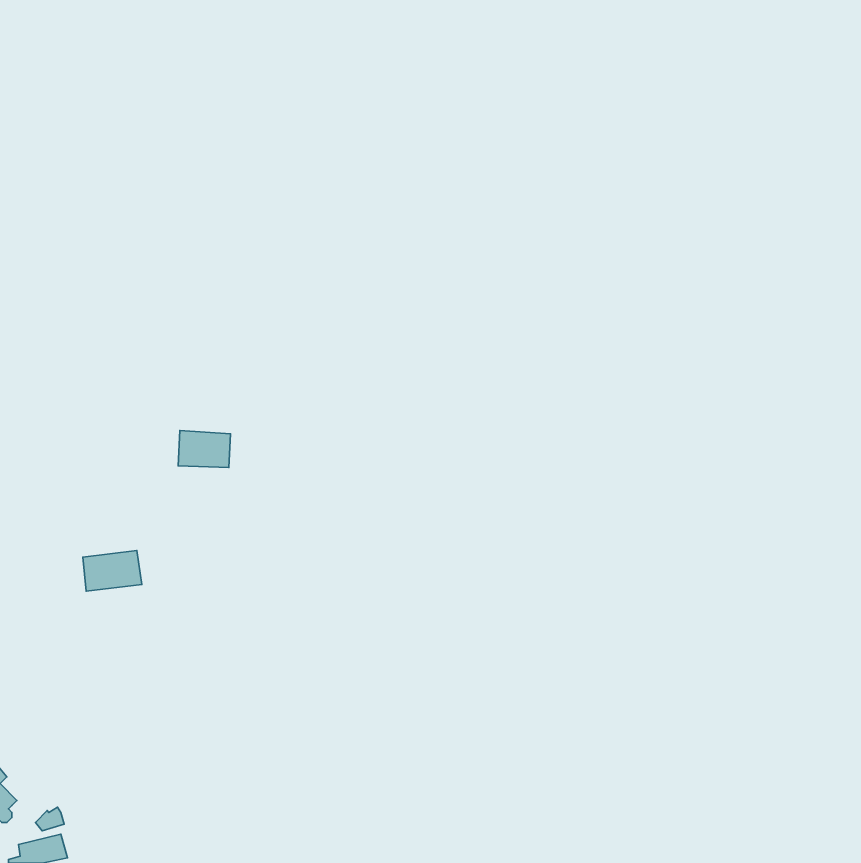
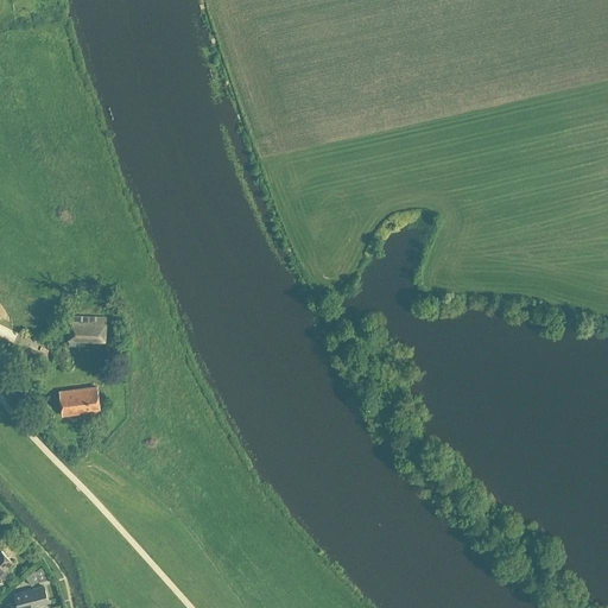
building: [178,430,230,468] -> [68,316,104,342]

